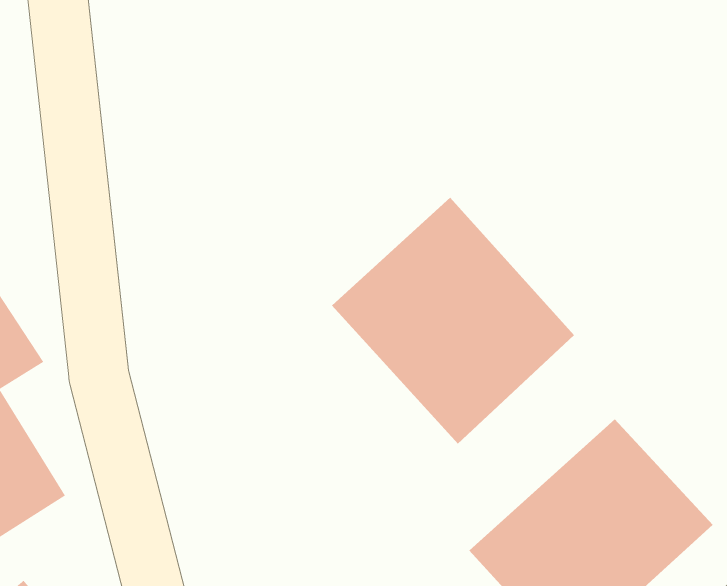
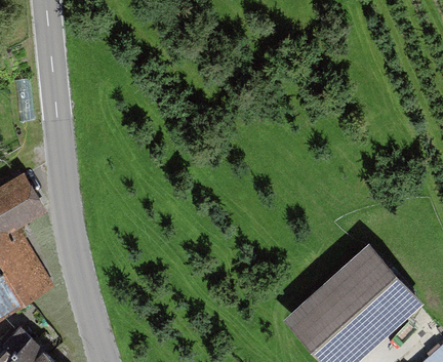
building: [331,197,575,445] -> none

